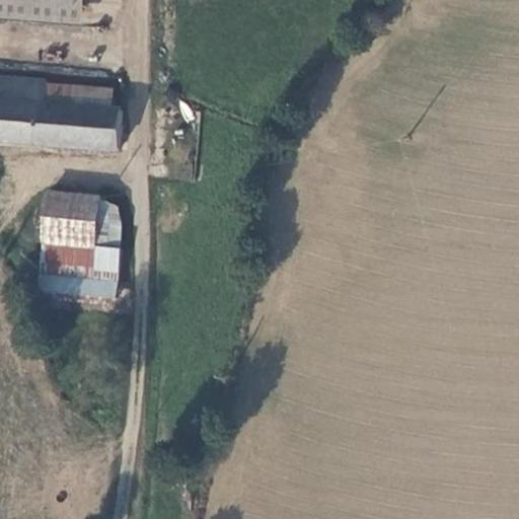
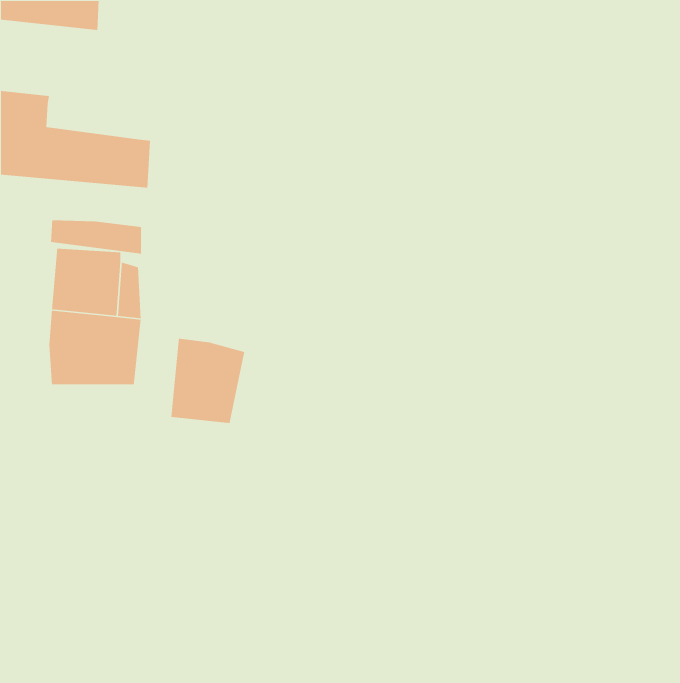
building: [42,82,110,108] -> [50,220,142,255]
building: none -> [170,338,245,424]

